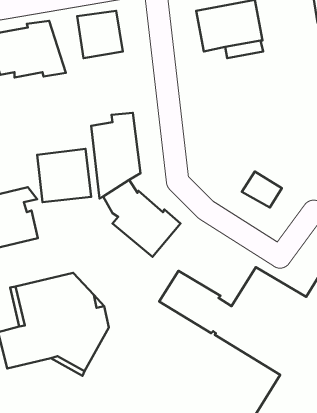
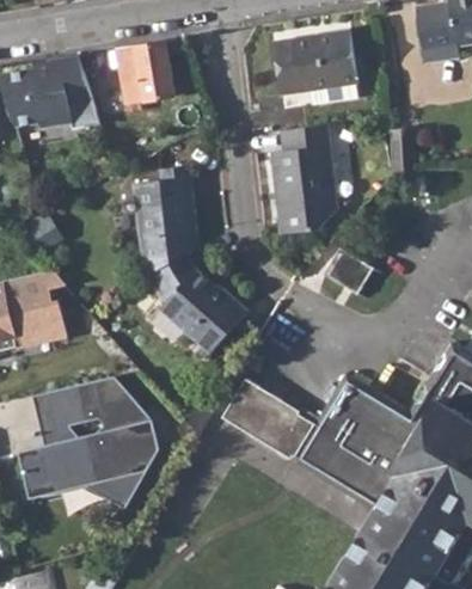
building: none -> [269,125,335,234]
building: [37,149,91,202] -> none

